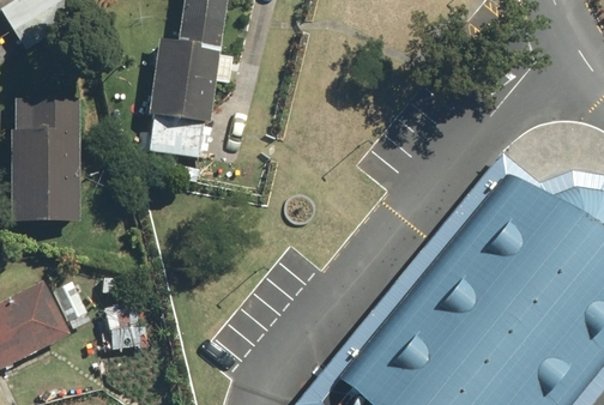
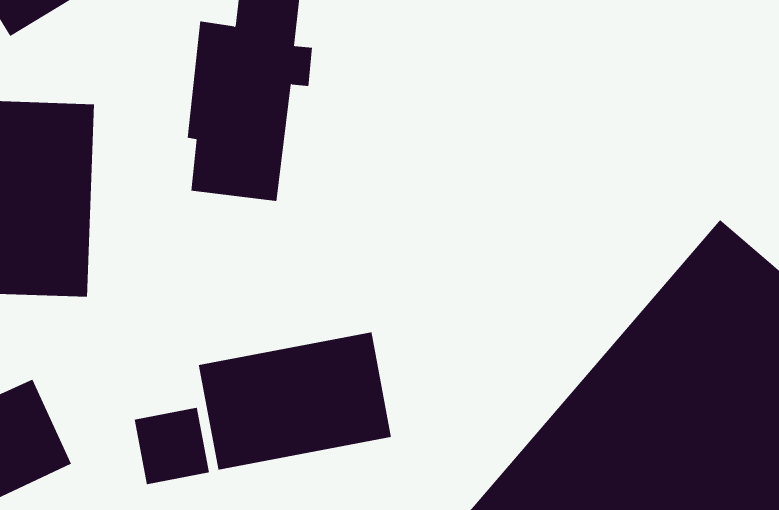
building: none -> [198,332,392,470]

